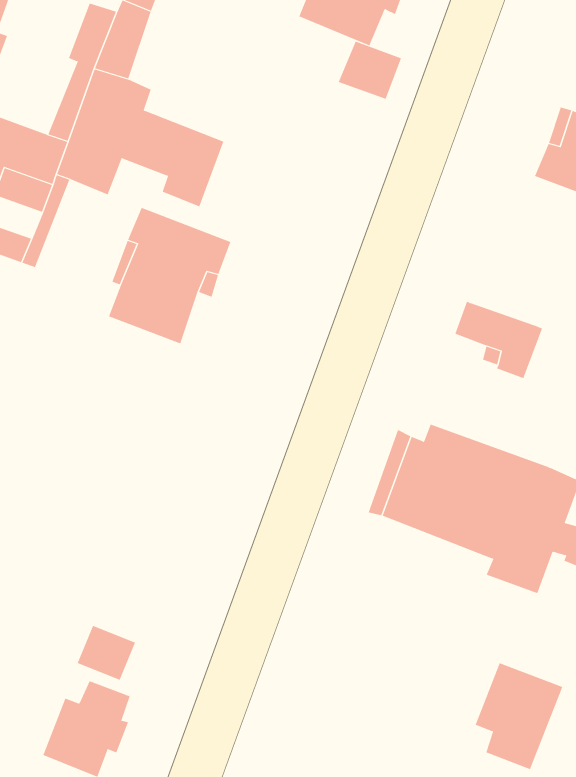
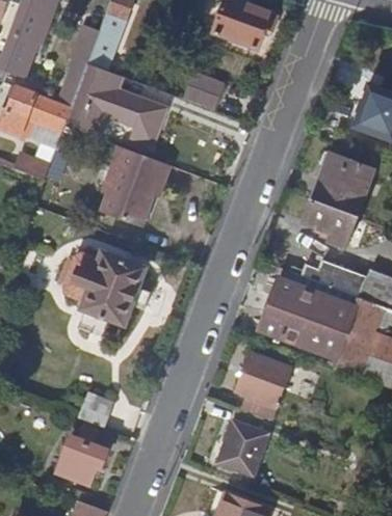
building: [338,41,402,100] -> [185,72,224,107]
building: none -> [314,156,372,215]
building: none -> [61,252,142,322]
building: none -> [290,261,370,299]
building: [475,662,563,770] -> [238,353,291,417]
building: none -> [218,423,267,476]

